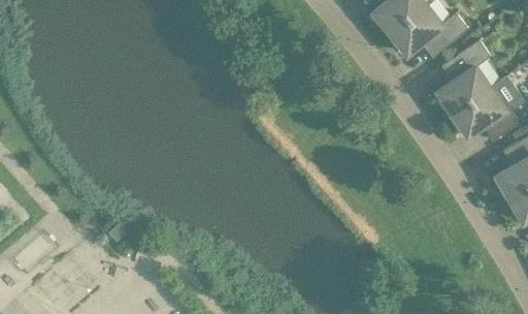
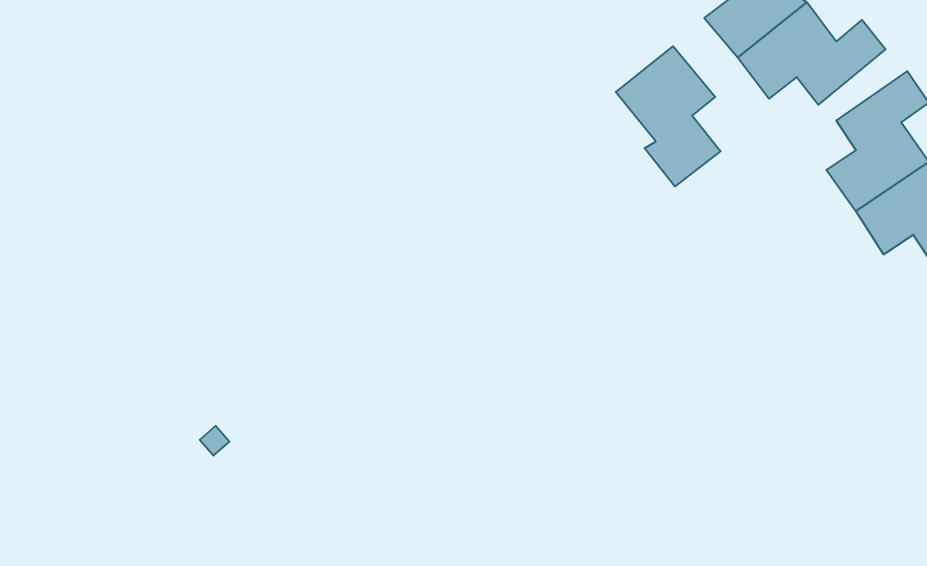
building: none -> [616,46,721,186]

